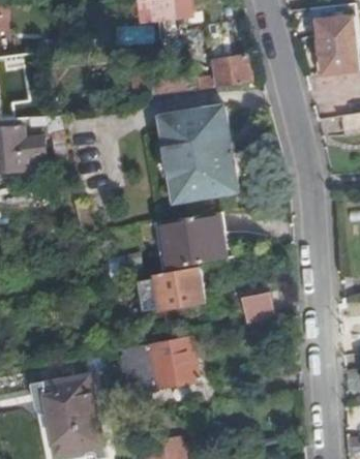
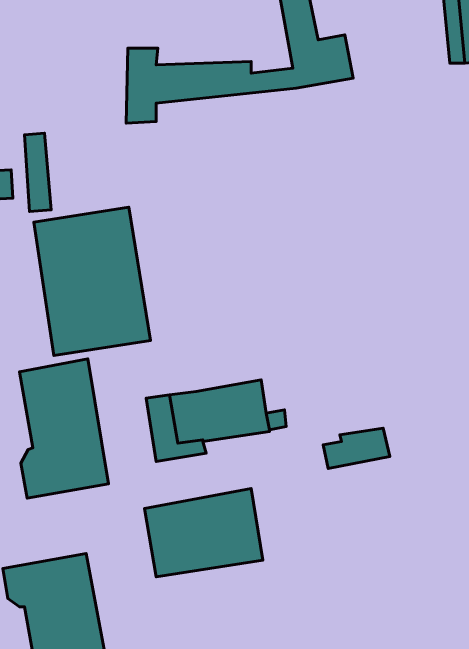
building: [163,106,236,198] -> [34,207,151,355]
building: [161,212,220,268] -> none
building: none -> [20,359,109,498]

